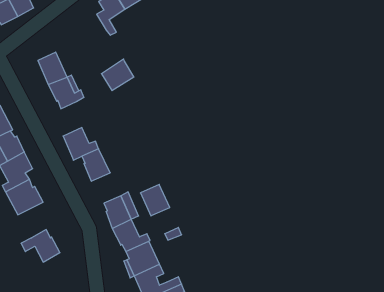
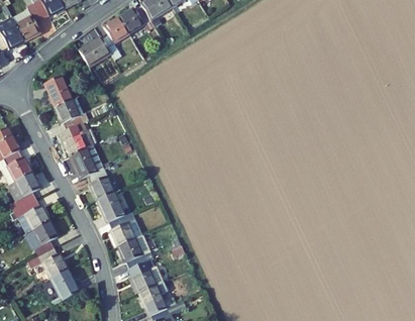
building: [101,59,134,91] -> [80,36,111,67]
building: none -> [62,122,94,155]
building: [140,184,170,216] -> [97,191,125,221]
building: none -> [26,219,59,253]
building: none -> [50,268,78,299]

